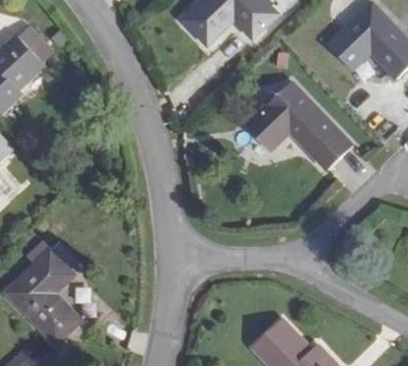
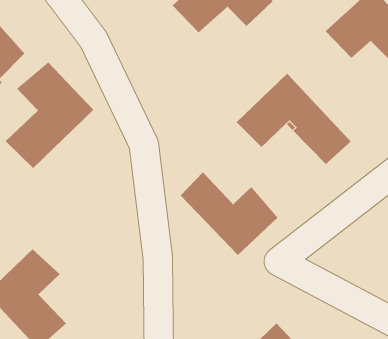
building: none -> [5,62,94,169]
building: none -> [180,172,278,256]

